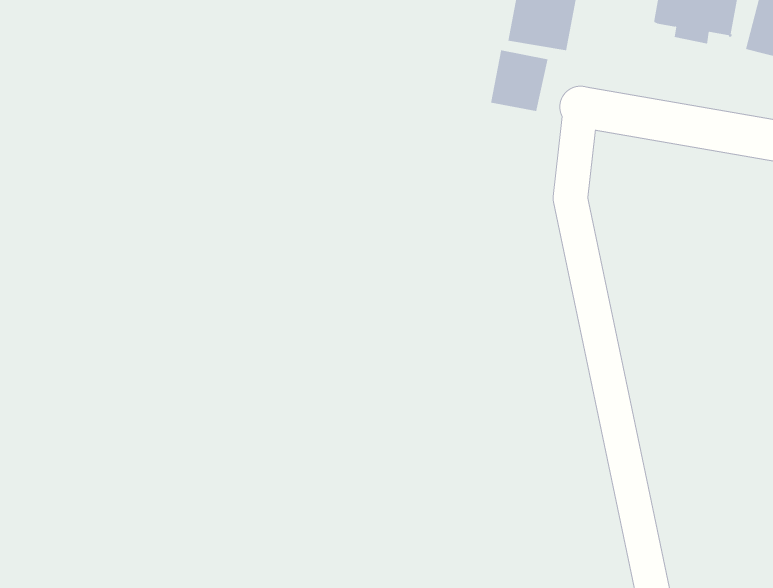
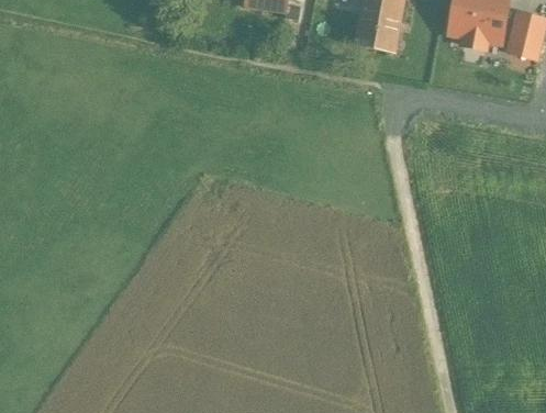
building: [491,50,548,112] -> none

